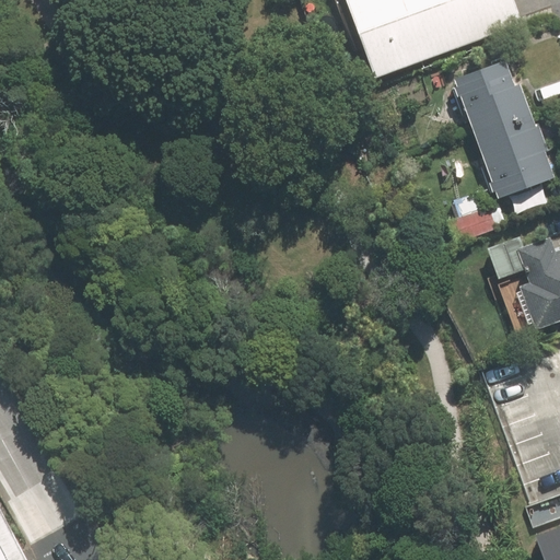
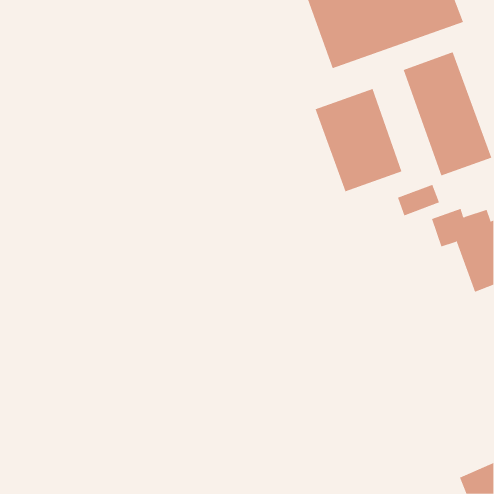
building: none -> [315,88,402,192]

